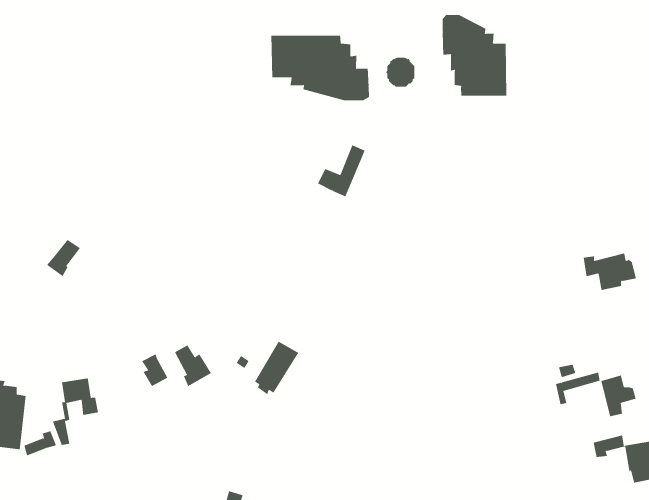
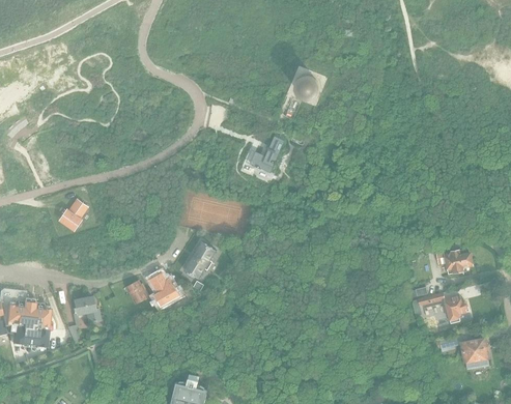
building: [442,14,507,96] -> none
building: [271,35,369,101] -> none
building: [583,253,637,291] -> [436,249,474,275]
building: [254,341,299,395] -> [184,242,216,280]

